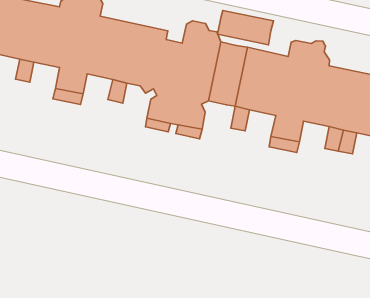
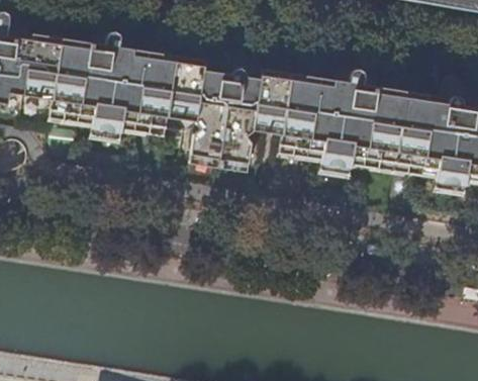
building: [218,10,274,45] -> none

